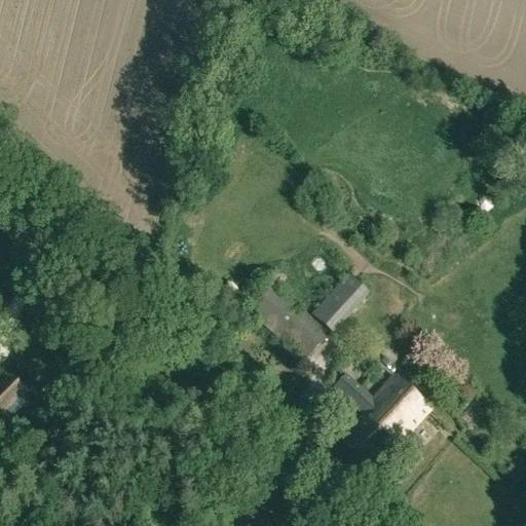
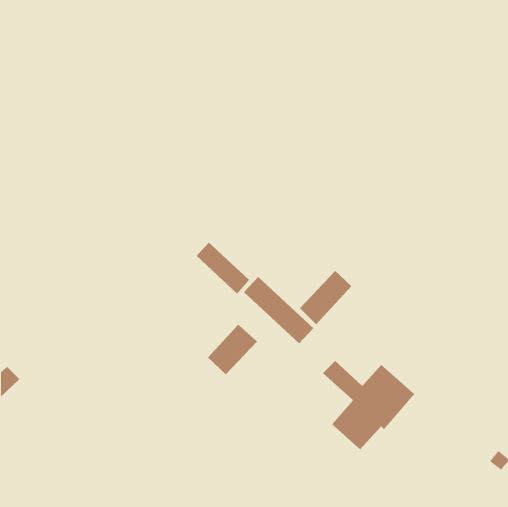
building: none -> [196,242,250,295]
building: none -> [207,324,258,375]

